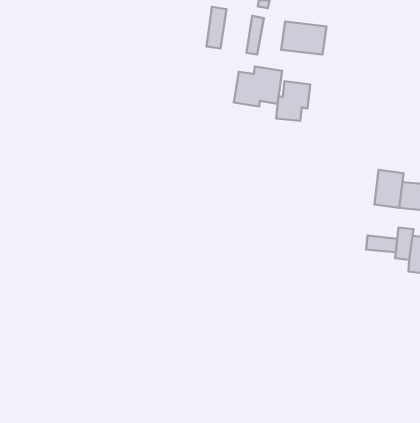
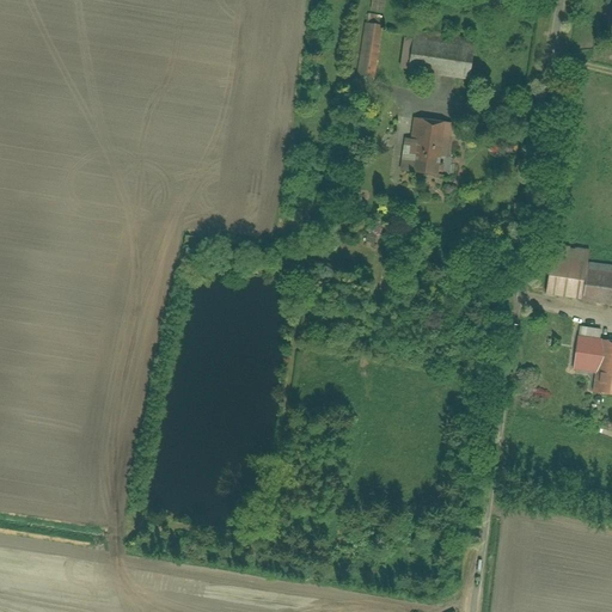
building: [207,7,227,49] -> none
building: [234,66,282,106] -> none
building: [366,235,397,252] -> none

